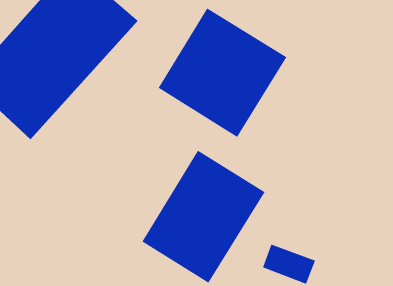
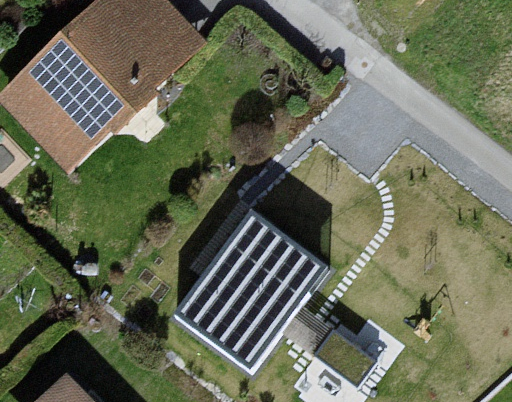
building: [158,7,287,138] -> none

